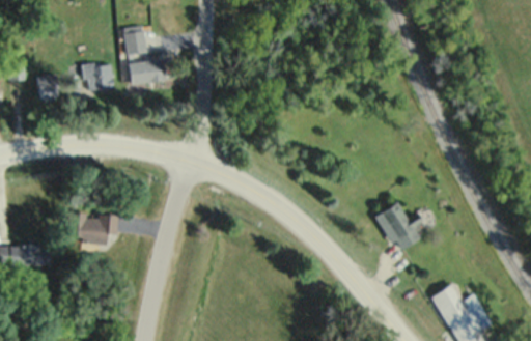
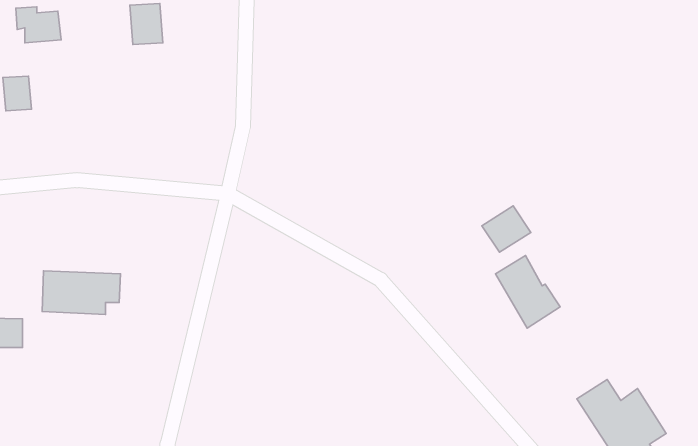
building: [130,56,168,89] -> none
building: [81,65,112,90] -> [16,7,61,43]
building: none -> [482,206,531,252]

